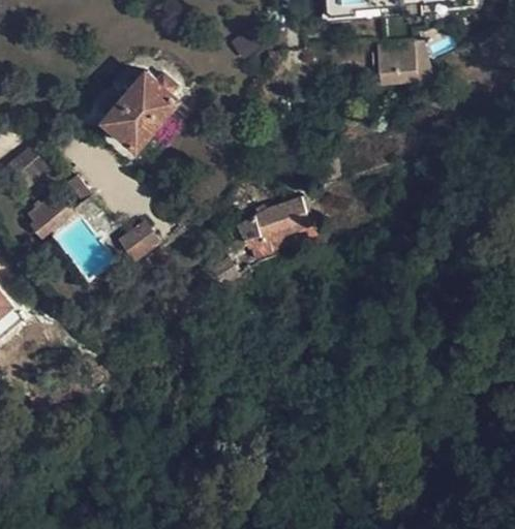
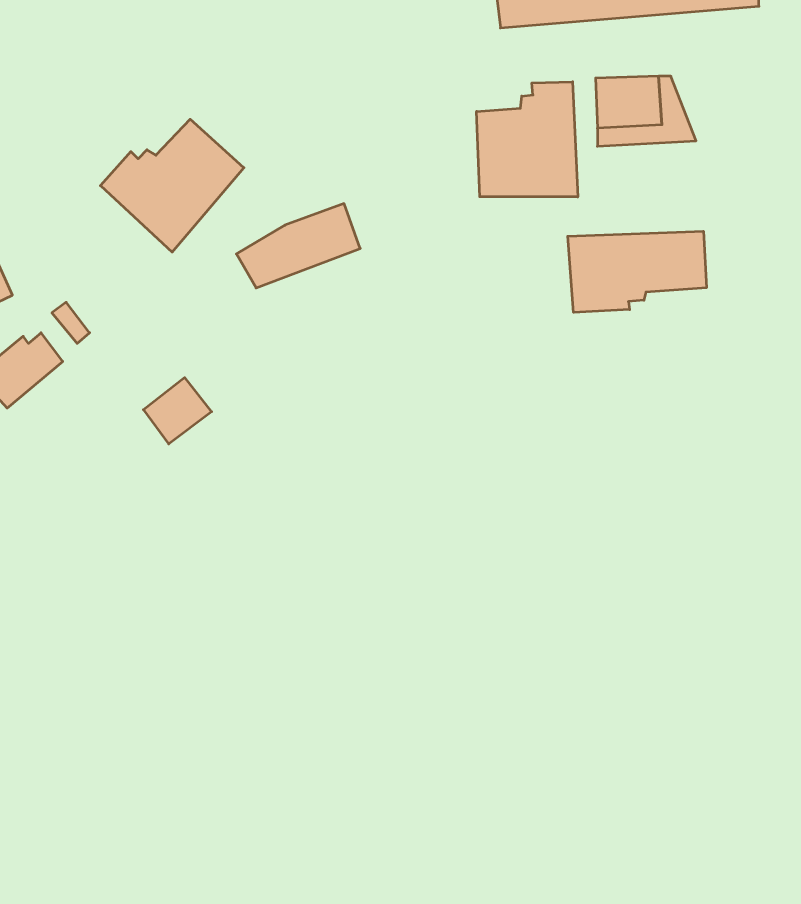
building: none -> [477,82,578,197]
building: none -> [568,231,706,312]
building: [239,195,310,244] -> [236,204,360,288]

